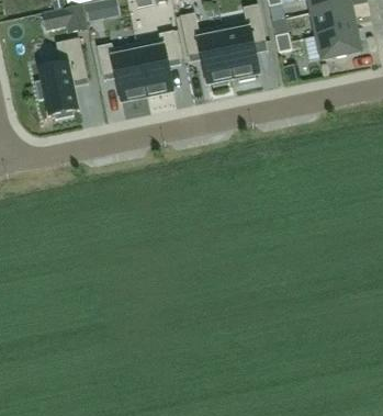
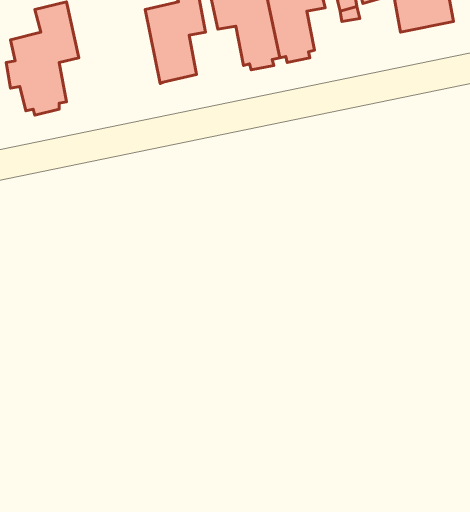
building: [98,42,148,100] -> none

